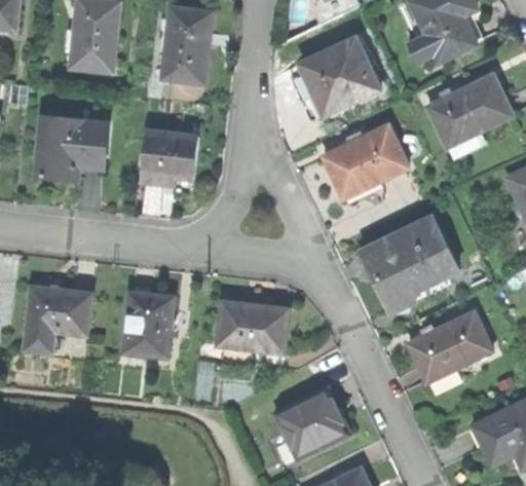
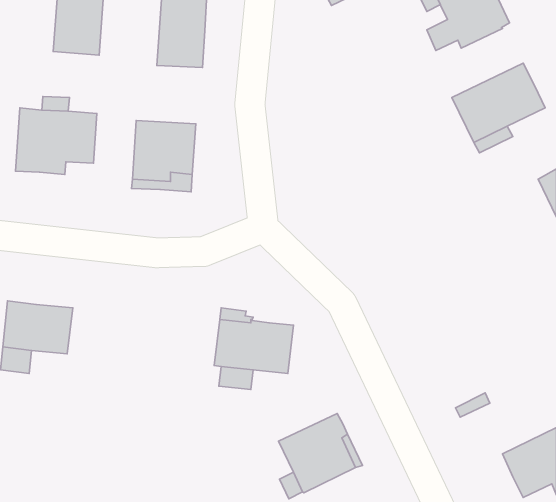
building: [298,39,378,115] -> none
building: [321,124,406,196] -> none
building: [363,219,456,311] -> none
building: [122,292,173,358] -> none
building: [412,311,493,378] -> none

